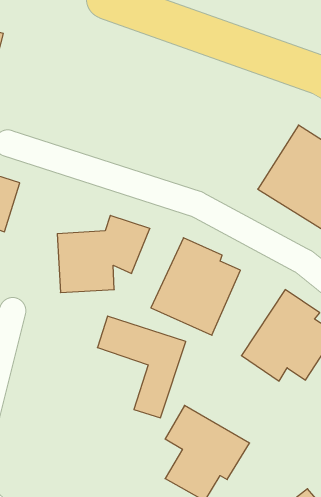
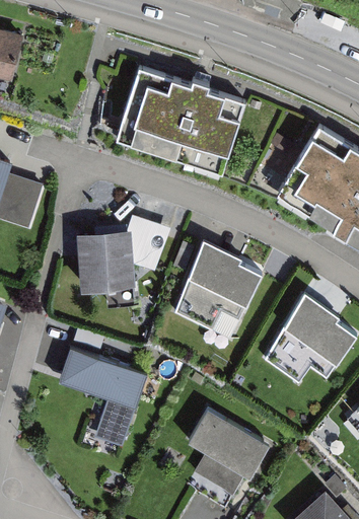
building: none -> [121,67,254,171]
building: [97,316,186,418] -> [57,348,145,449]

